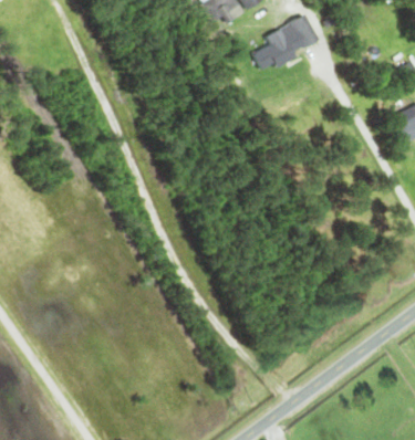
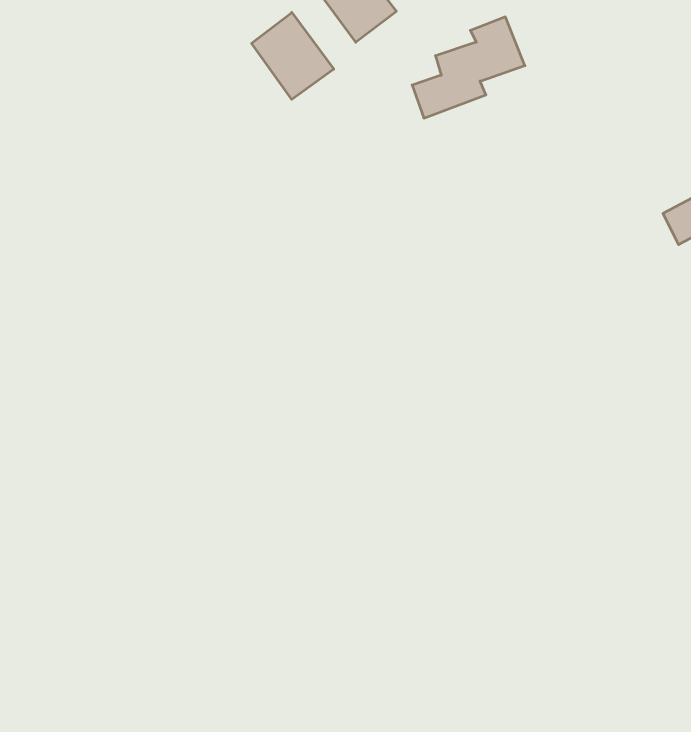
building: none -> [252,12,334,99]

